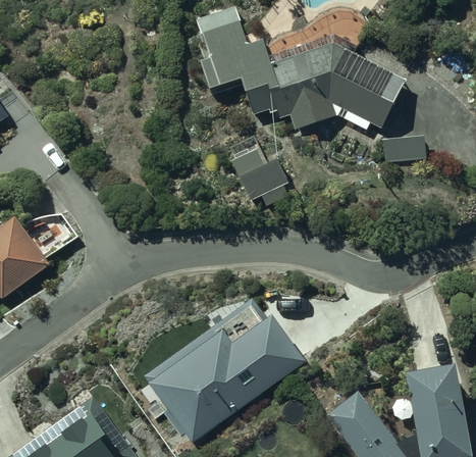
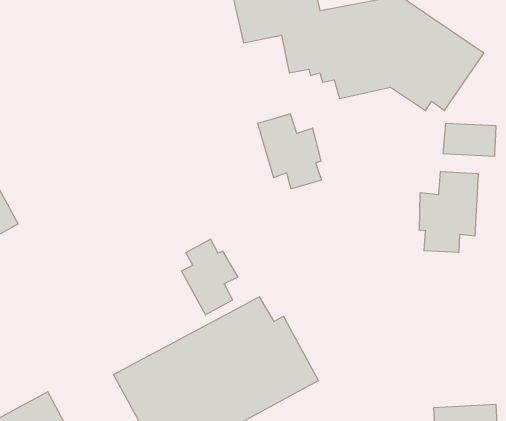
building: none -> [419,172,478,253]
building: none -> [182,239,238,315]

